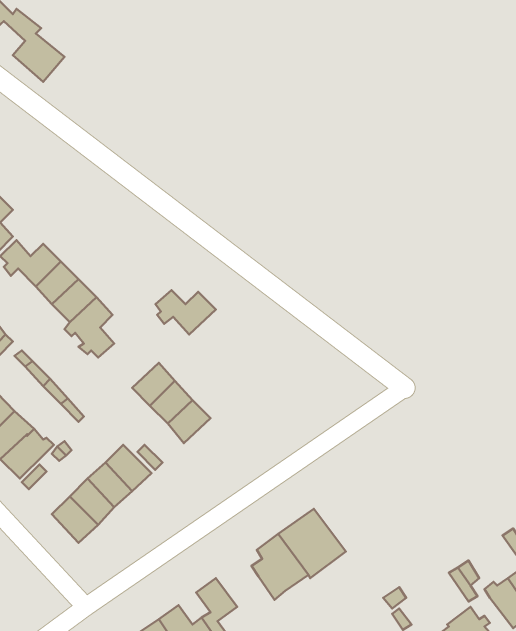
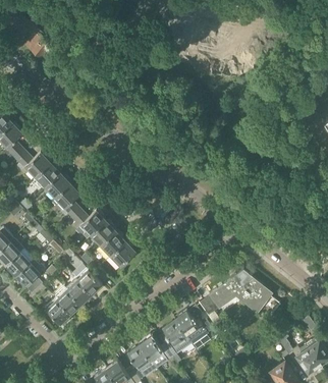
building: [155,290,216,335] -> [71,210,106,235]
building: none -> [199,271,270,333]
building: none -> [139,336,172,361]

